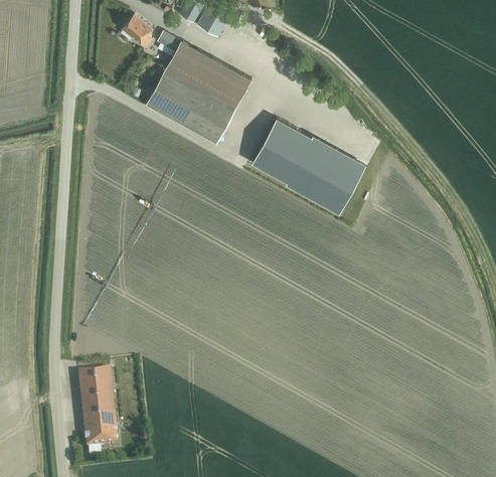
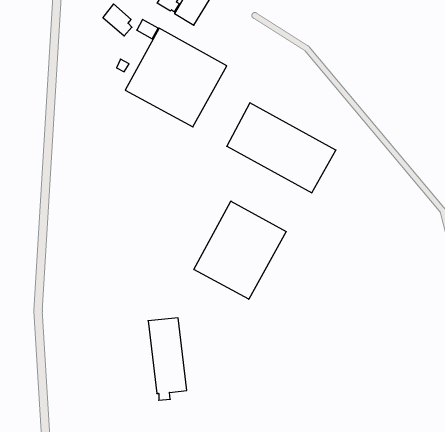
building: none -> [194,201,286,299]
building: [78,370,119,456] -> [148,318,187,400]

